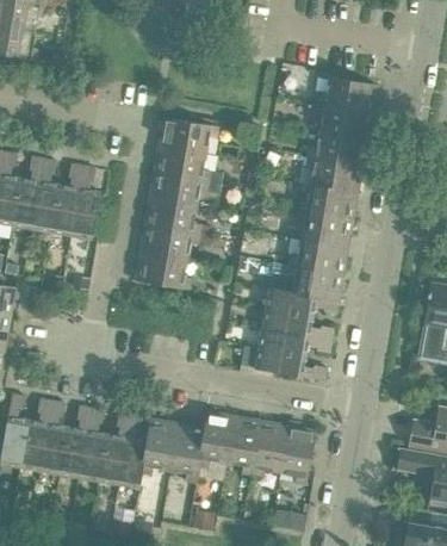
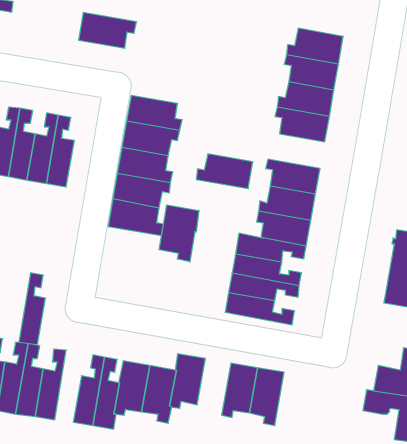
building: [157,116,217,153] -> [79,12,137,48]
building: [298,184,356,219] -> [196,154,253,189]
building: none -> [159,205,199,262]
building: [79,407,106,480] -> [19,273,46,345]
building: [225,415,260,473] -> none

